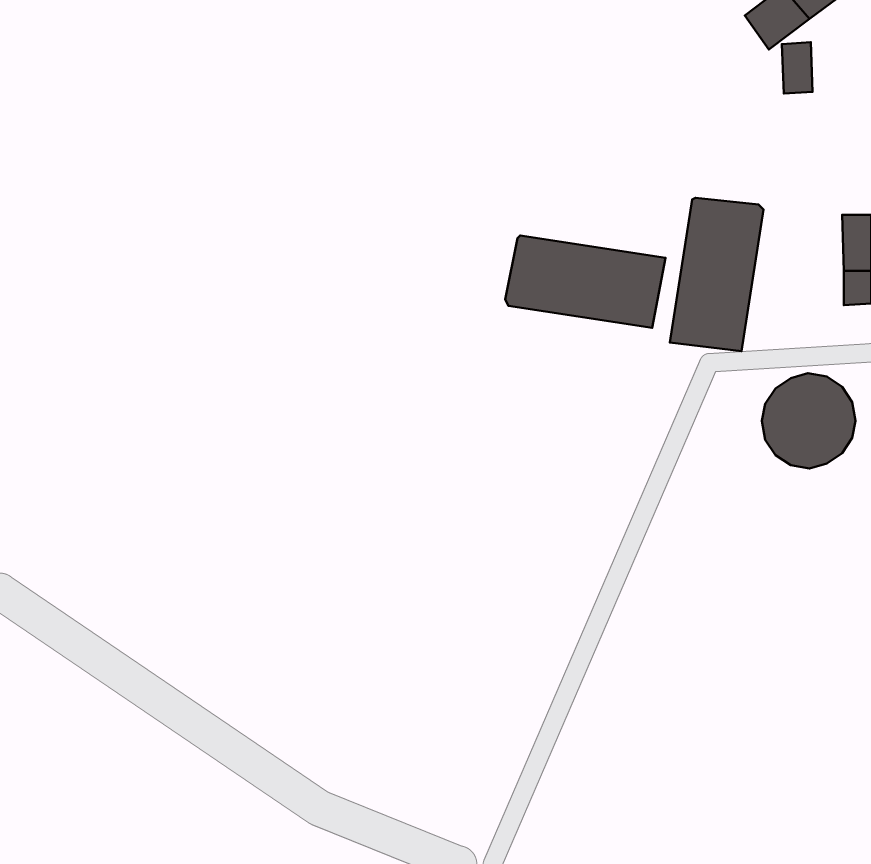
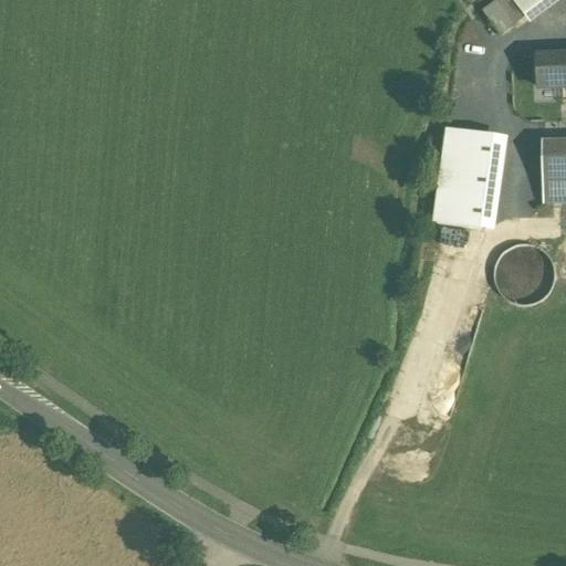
building: [782,42,813,93] -> [539,52,559,85]
building: [505,235,666,328] -> none

